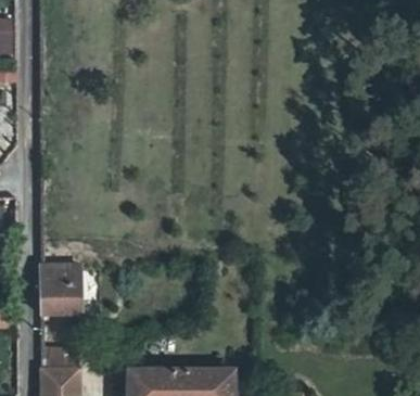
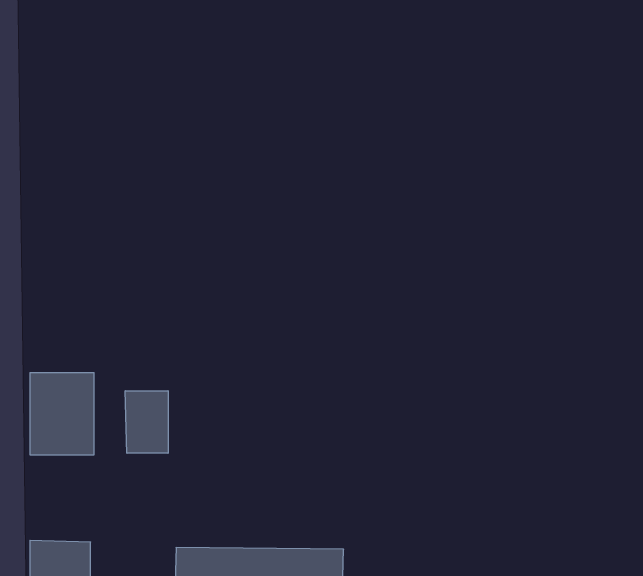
building: none -> [125,391,168,453]

